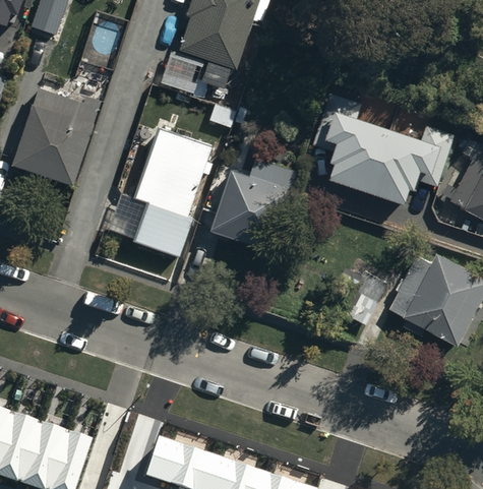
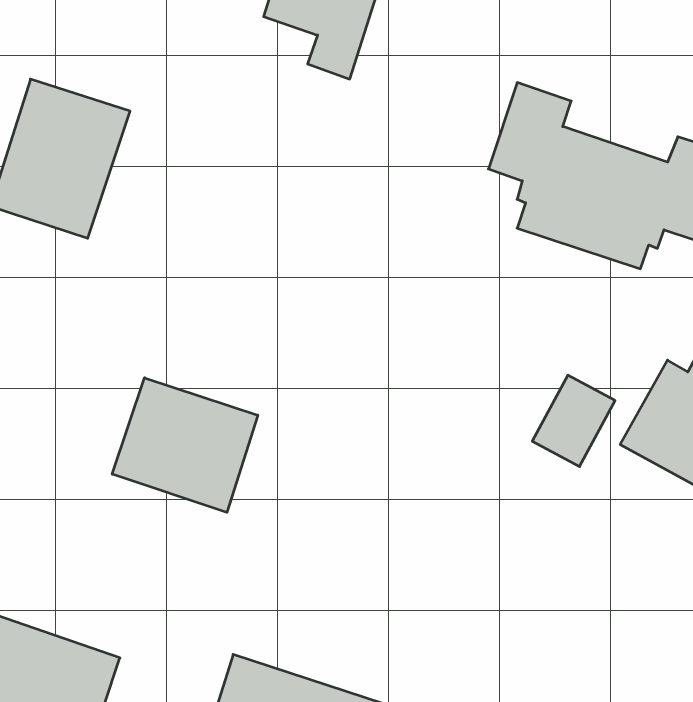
building: [109,125,210,253] -> none
building: [208,161,295,251] -> none
building: none -> [112,378,258,512]

